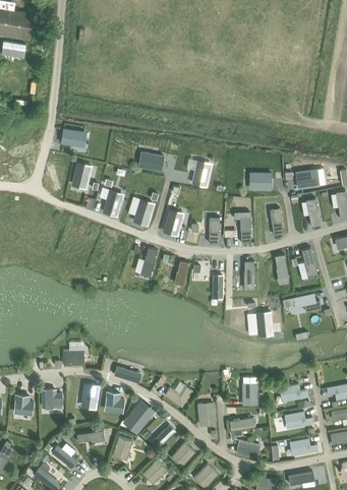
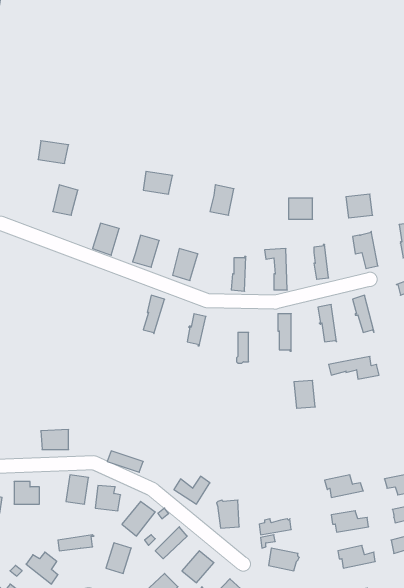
building: [242,377,257,405] -> none

